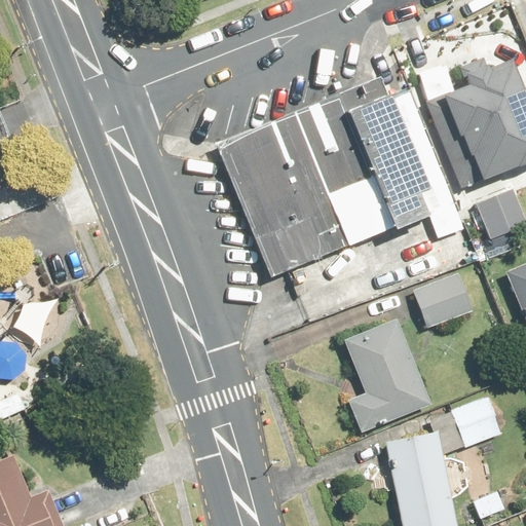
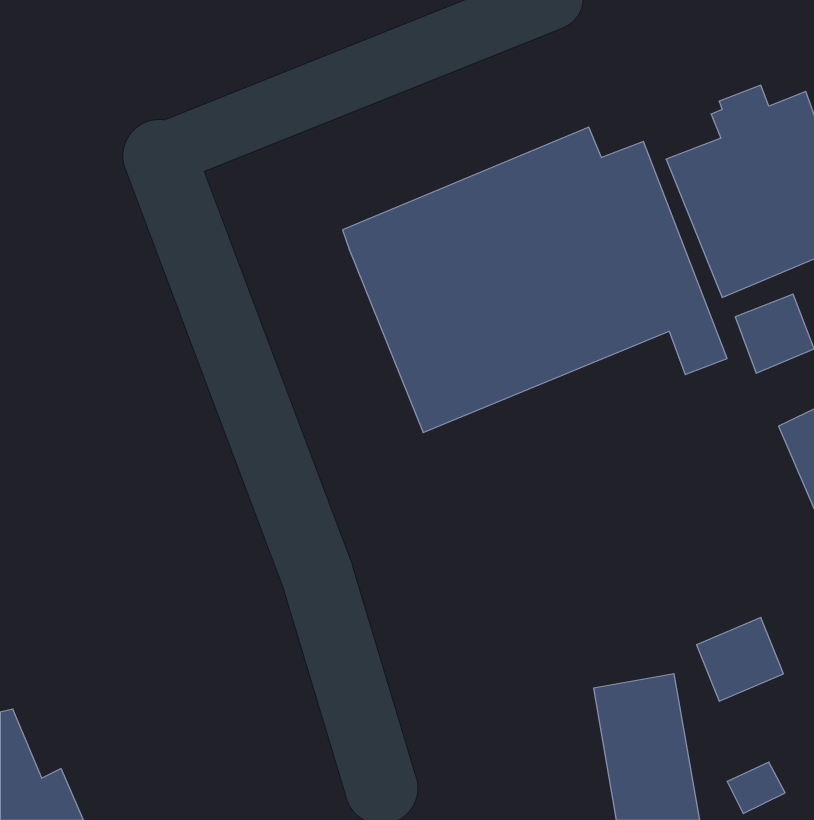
building: [413,273,475,331] -> none
building: [341,317,429,429] -> none

